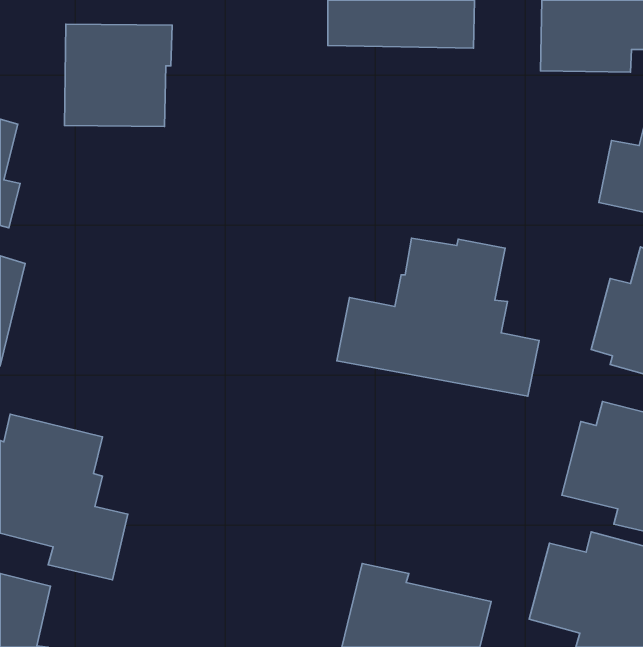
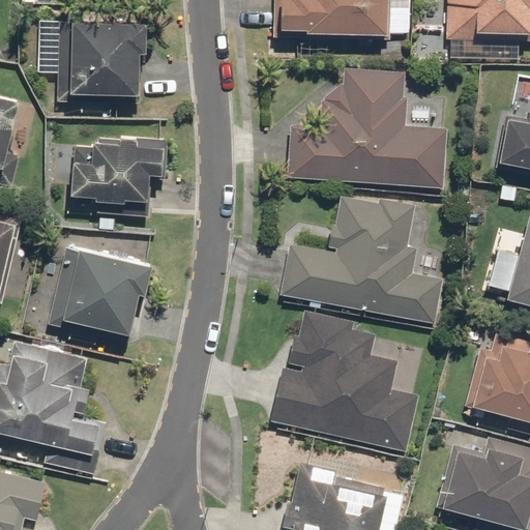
building: none -> [286,66,447,187]
building: none -> [64,136,169,216]
building: none -> [47,245,149,343]
building: none -> [269,308,419,451]

